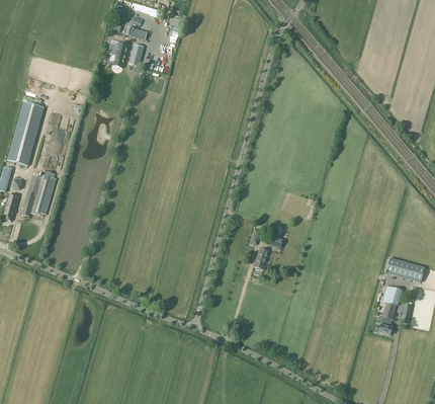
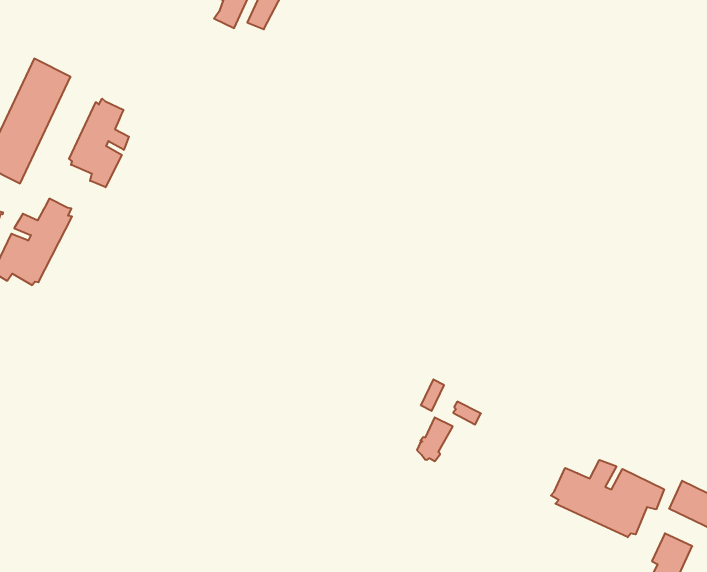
building: none -> [69,99,129,187]
building: none -> [551,460,664,537]

